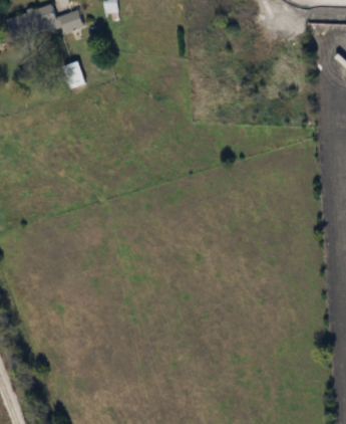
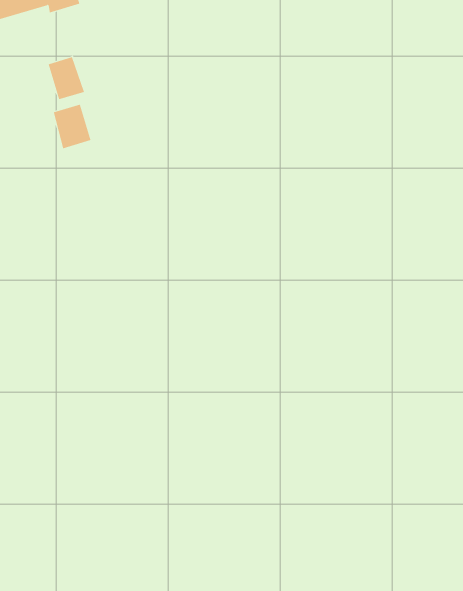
building: none -> [53,104,91,149]

